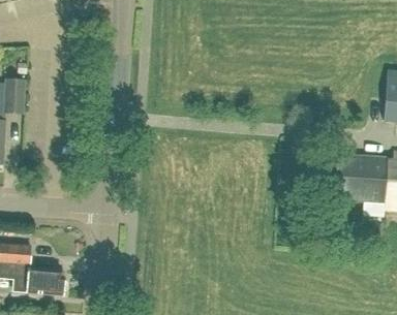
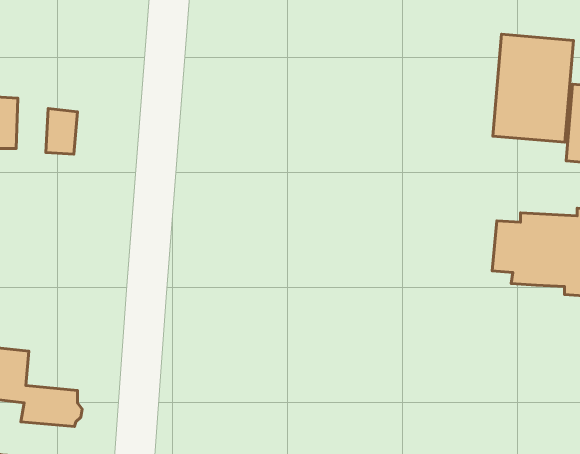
building: none -> [493,34,573,142]
building: none -> [46,109,77,154]

